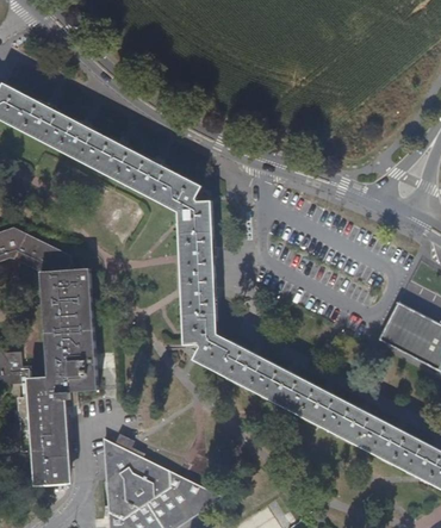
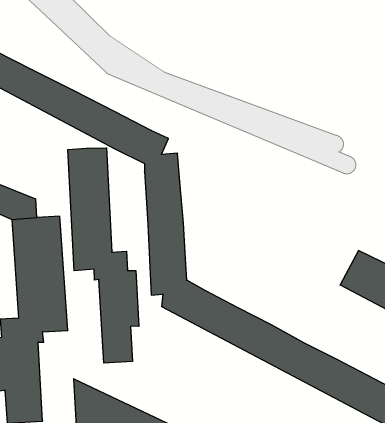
building: none -> [68,148,139,363]

